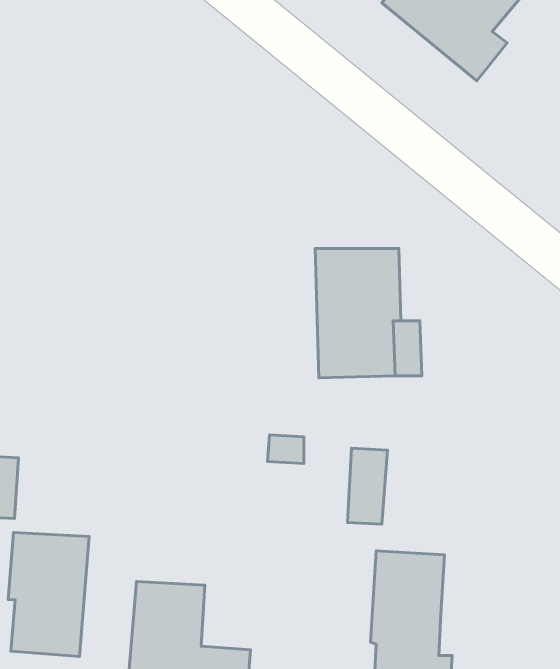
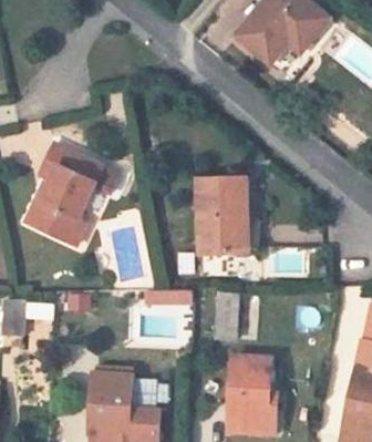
building: none -> [30,143,117,244]
building: [8,533,89,656] -> none

